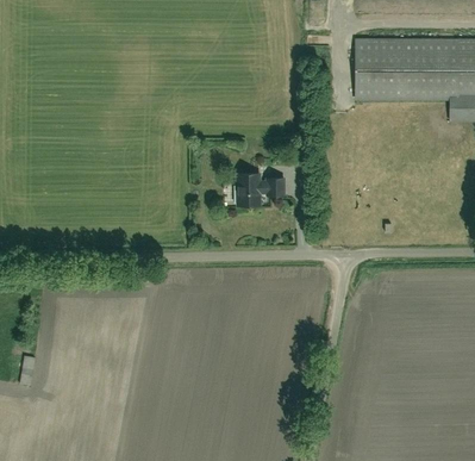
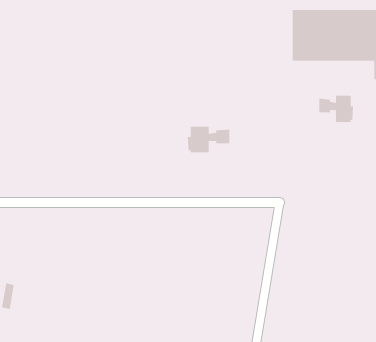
building: none -> [319,95,354,123]

